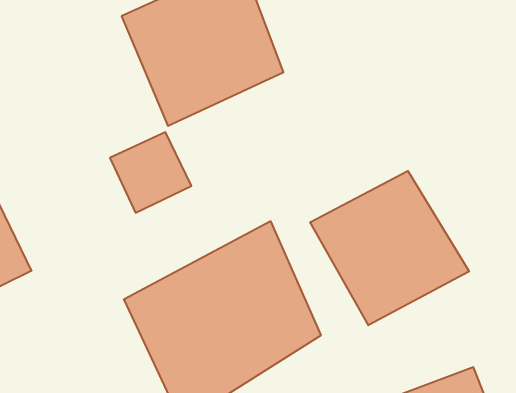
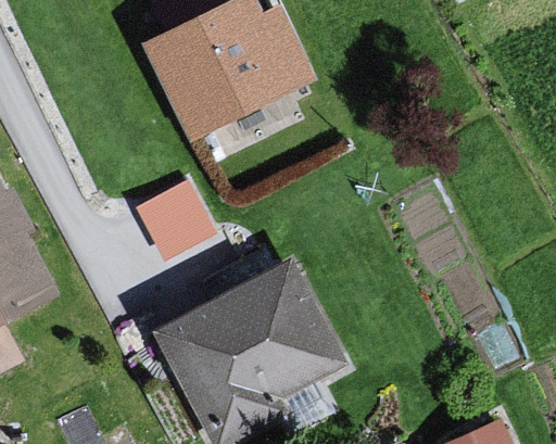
building: [310,171,469,325] -> none

